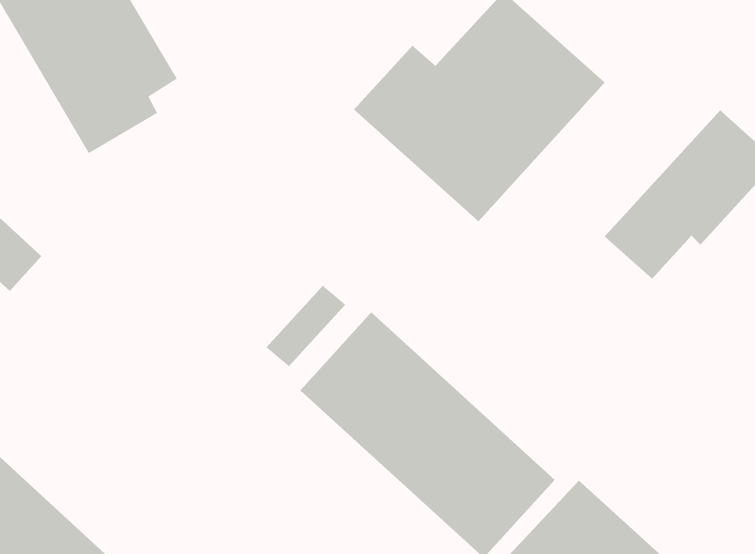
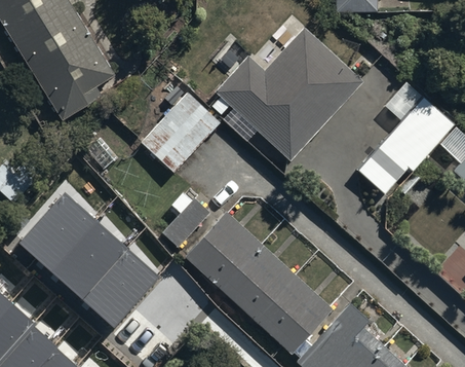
building: none -> [149,102,216,170]
building: none -> [24,188,161,321]

